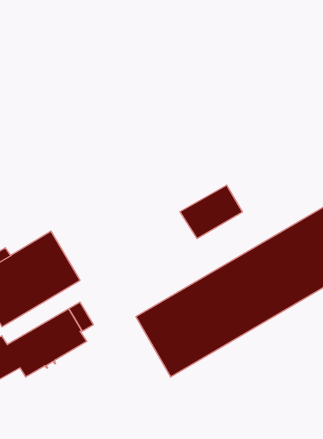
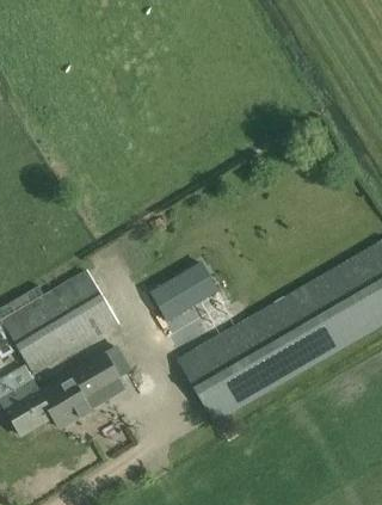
building: [180,185,242,238] -> [149,261,216,319]

